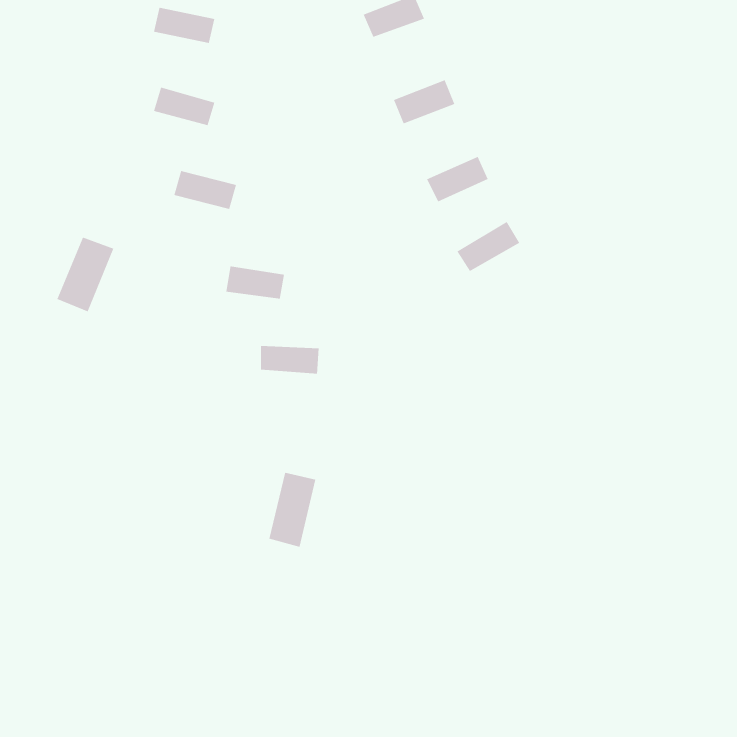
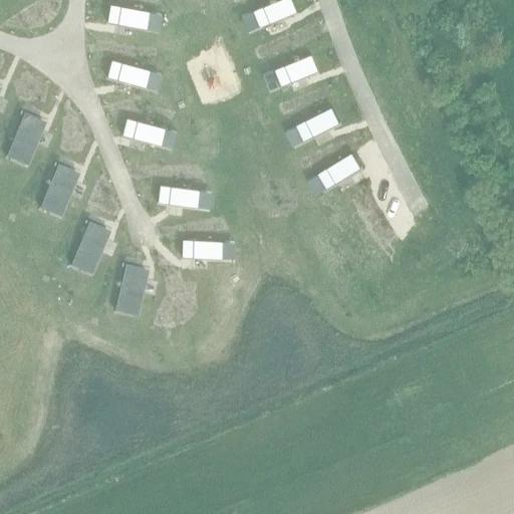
building: none -> [6,112,46,165]
building: none -> [70,221,110,275]
building: [269,472,316,547] -> [115,264,149,316]

